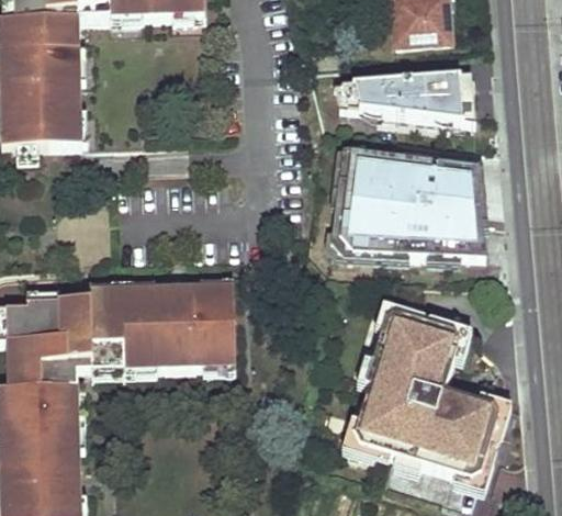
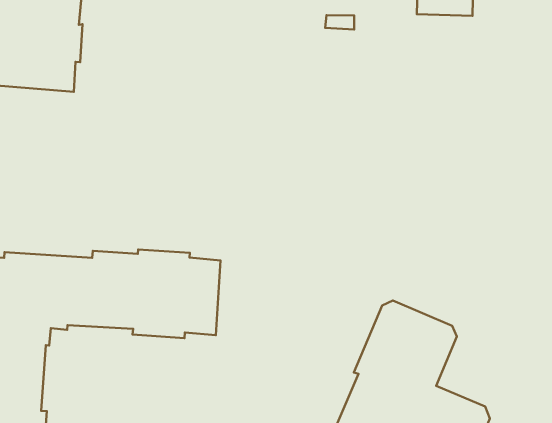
building: [335,70,471,121] -> none
building: [330,149,484,255] -> none

